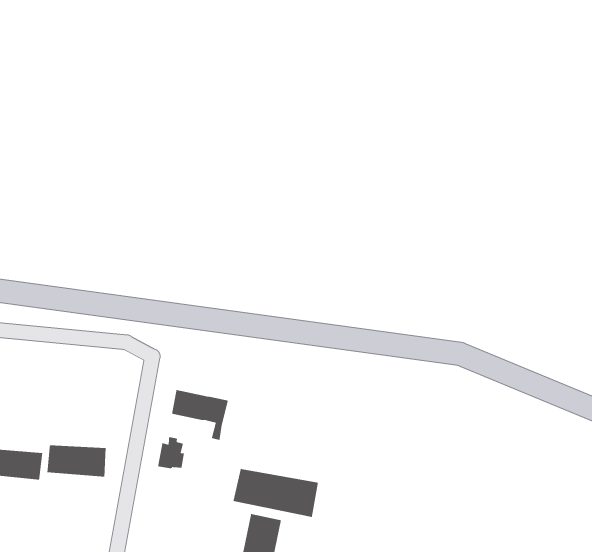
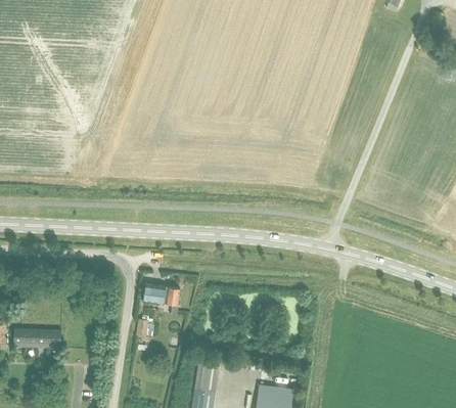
building: [46,445,107,478] -> none
building: [233,468,319,518] -> none

